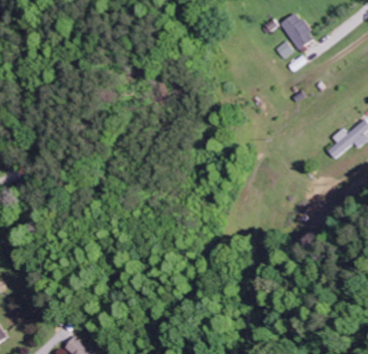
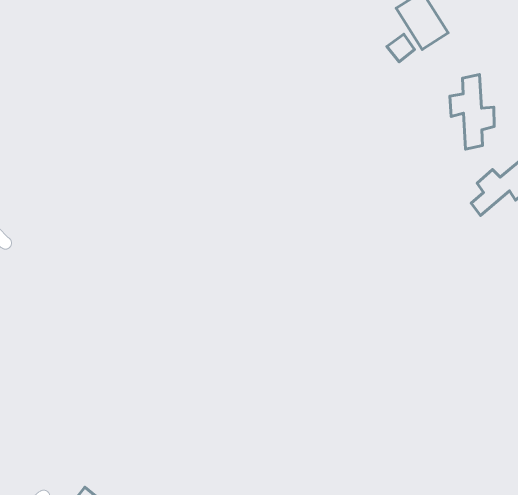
building: none -> [450,74,494,149]

